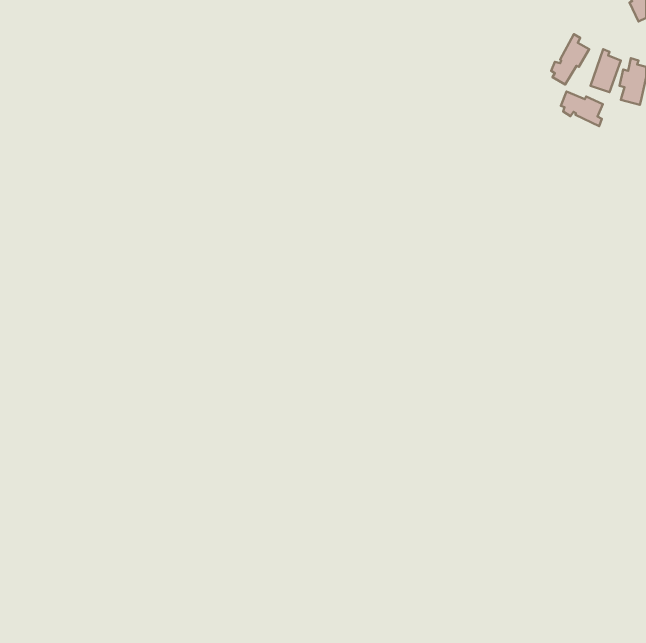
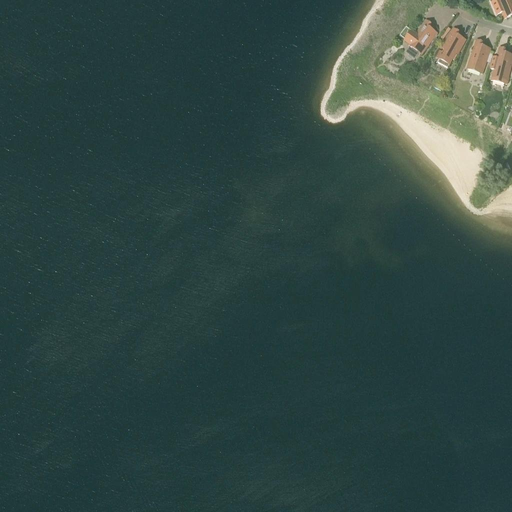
building: none -> [405,19,437,53]
building: [561,92,603,126] -> none

